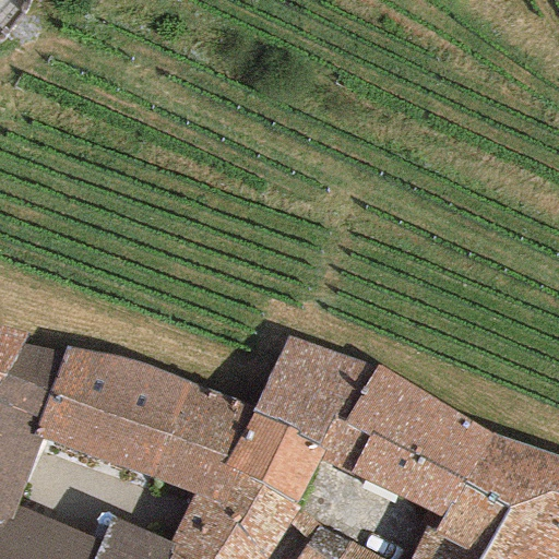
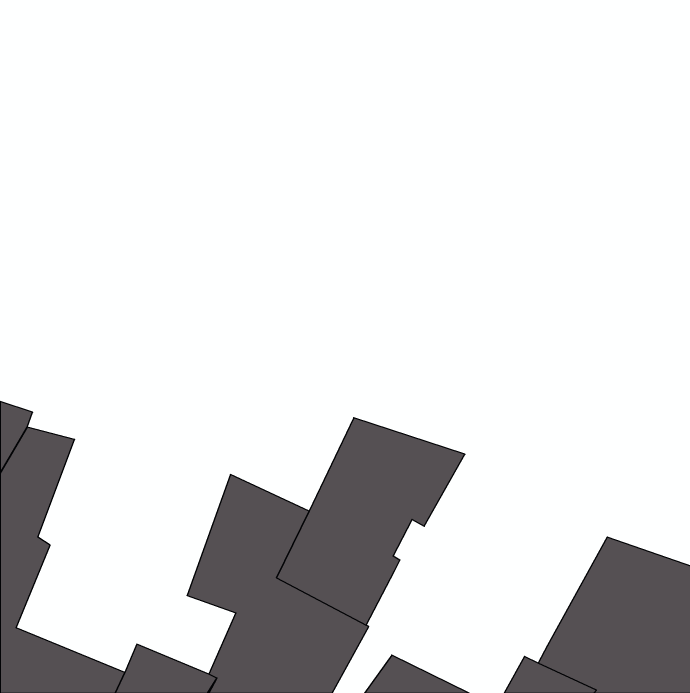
building: [33,346,188,479] -> none
building: [319,366,491,520] -> none

